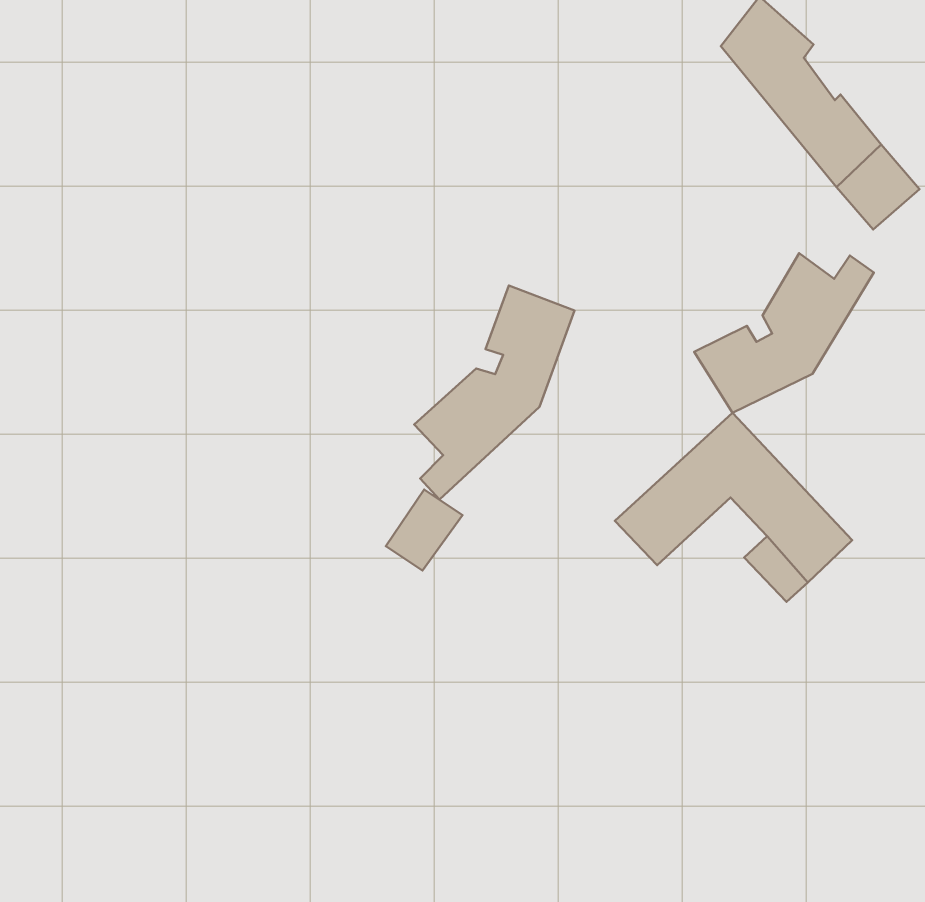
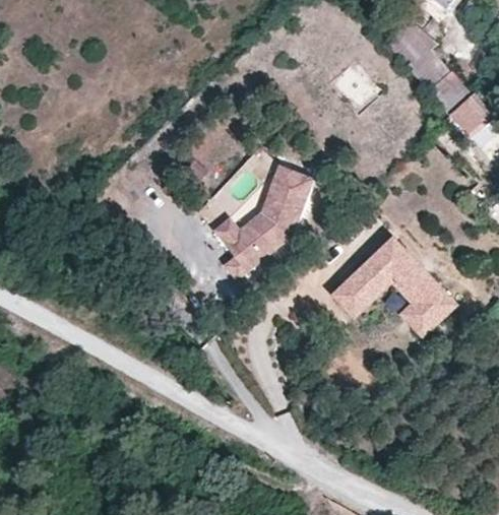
building: [694,253,874,413] -> none
building: [386,489,463,571] -> none

